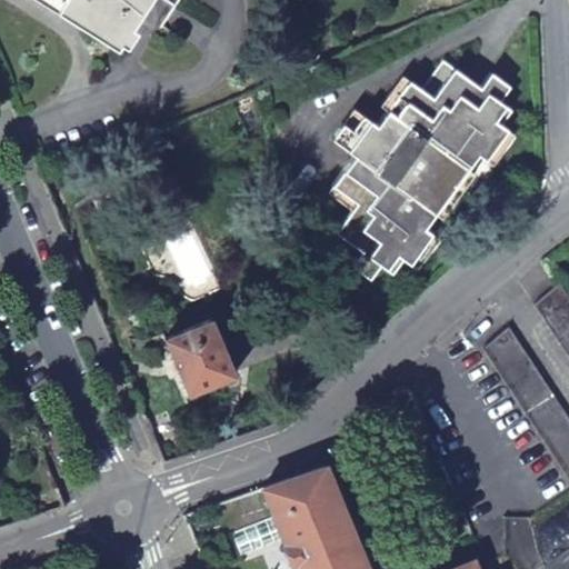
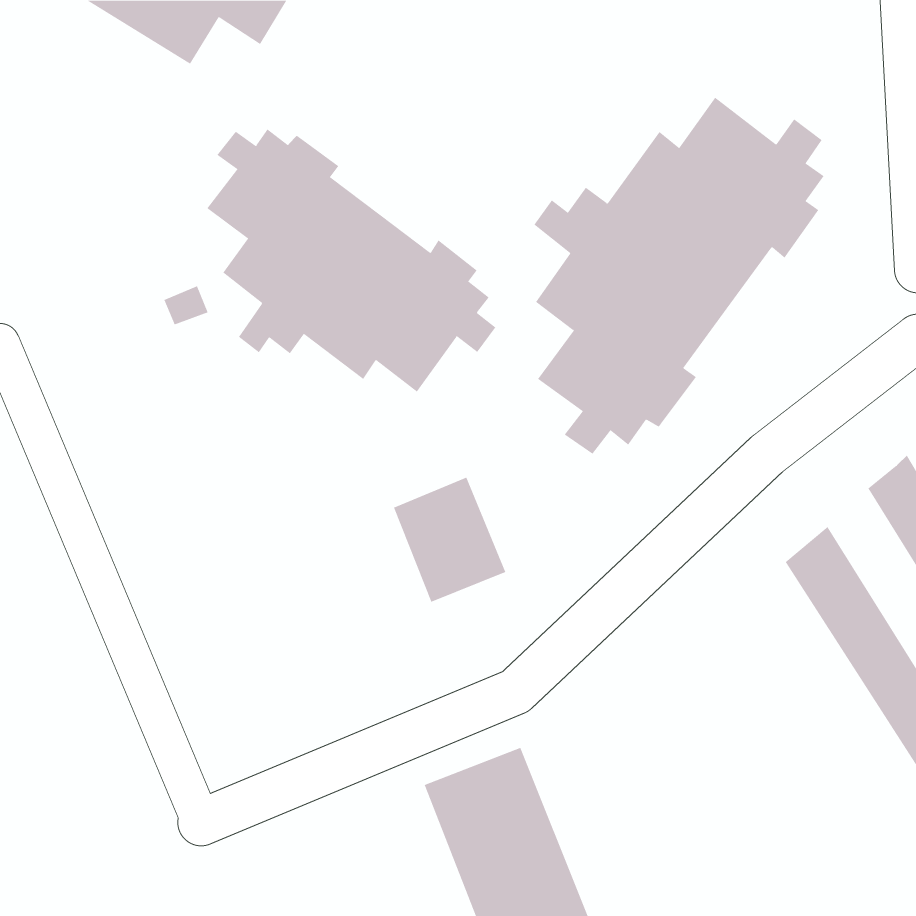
building: none -> [207,128,496,393]
building: [168,320,238,398] -> [393,477,506,603]

